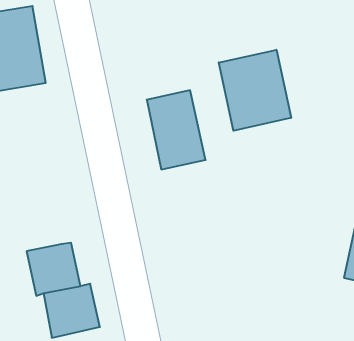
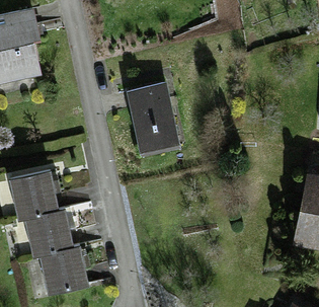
building: [219,50,291,131] -> none
building: none -> [10,172,57,222]

